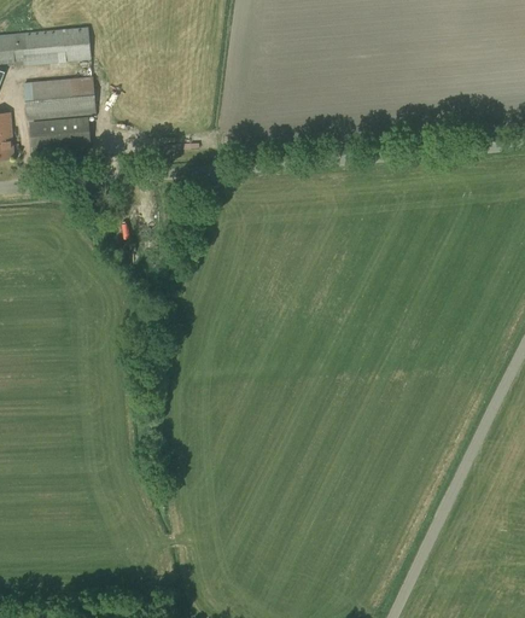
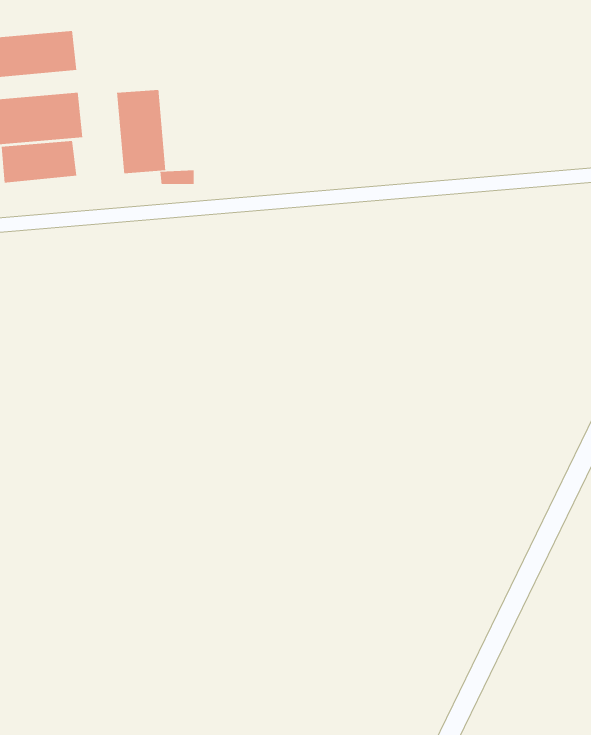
building: none -> [117,89,166,174]

